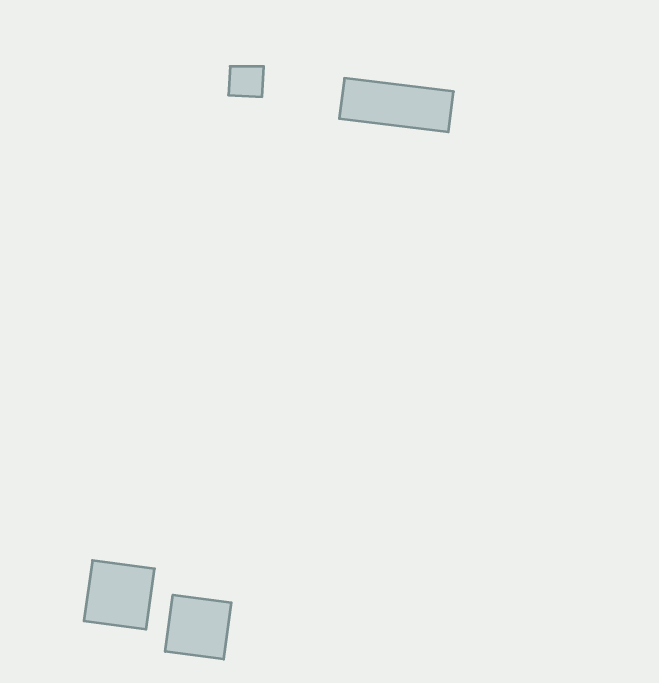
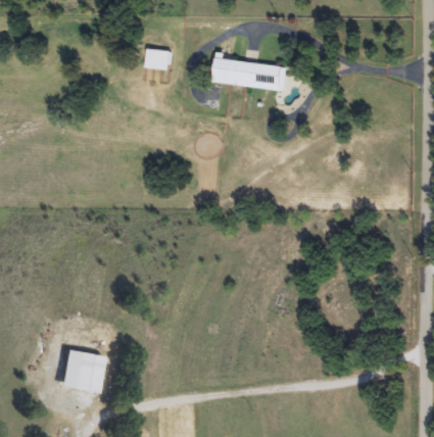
building: [165,595,231,659] -> none

